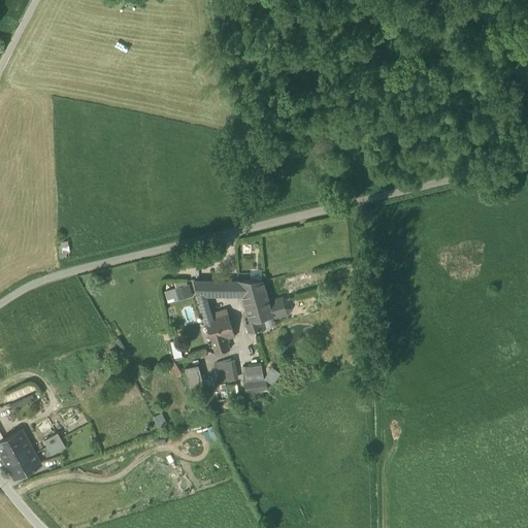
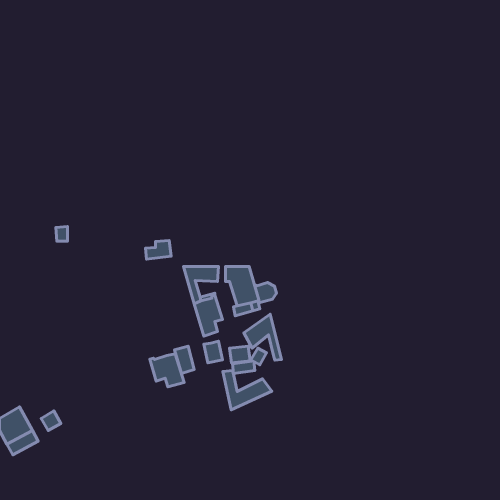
building: [165,283,192,302] -> [146,240,171,259]
building: none -> [244,314,281,360]
building: none -> [150,354,184,387]
building: none -> [223,370,272,410]

